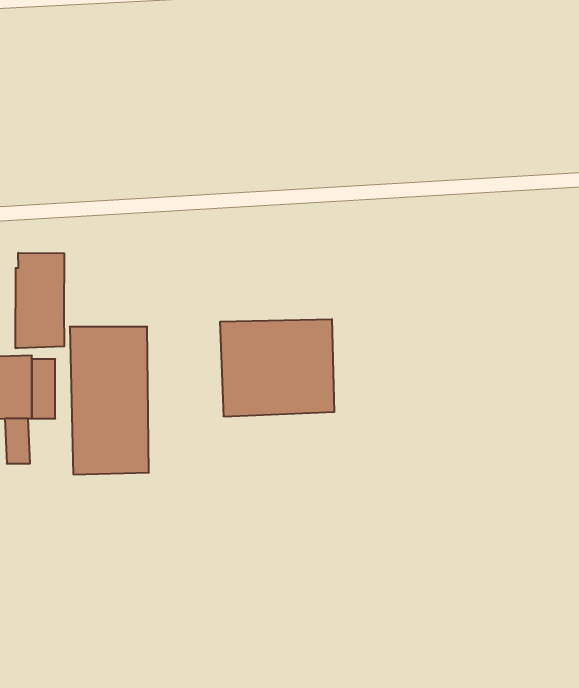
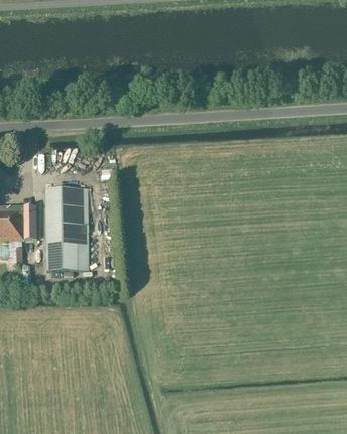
building: [16,253,64,348] -> none
building: [220,319,334,417] -> none

